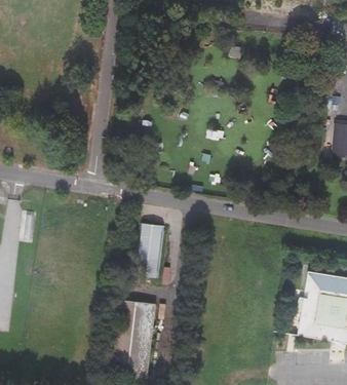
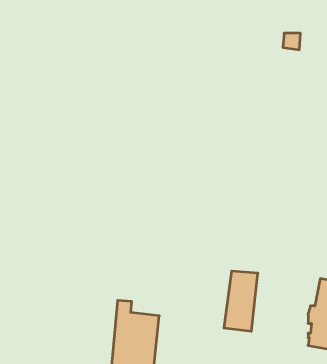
building: [134,224,166,280] -> [224,271,258,331]

